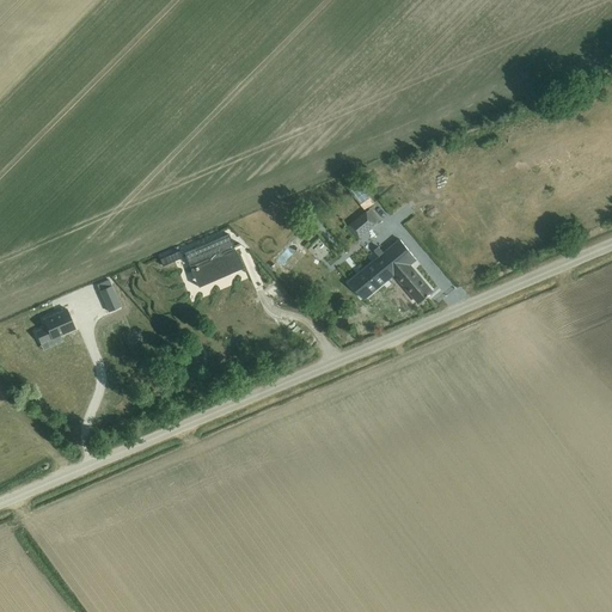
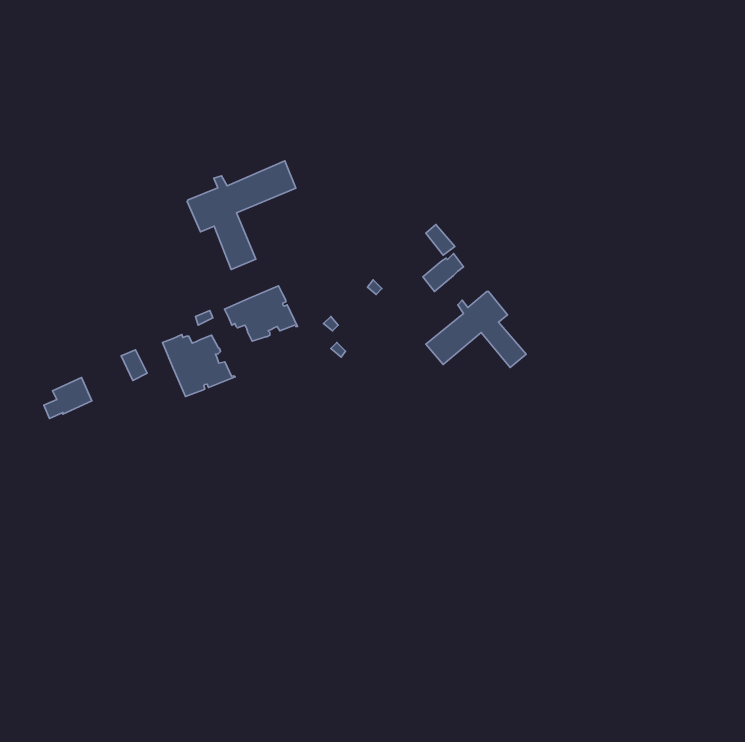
building: none -> [187,161,296,270]
building: none -> [162,335,235,397]

